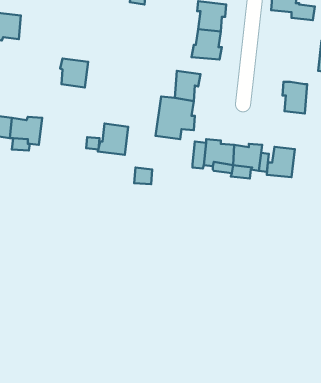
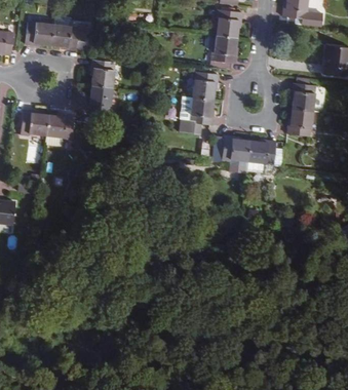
building: none -> [51,22,89,49]
building: [98,124,128,155] -> [84,84,112,113]
building: [267,147,295,177] -> [287,109,313,136]

